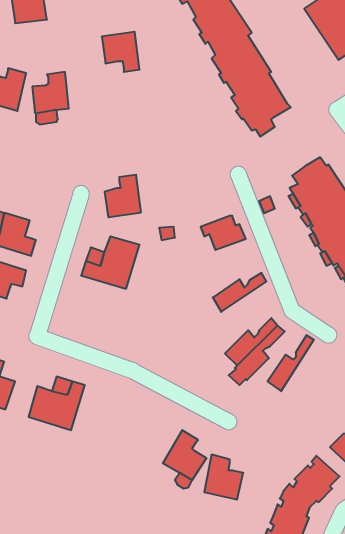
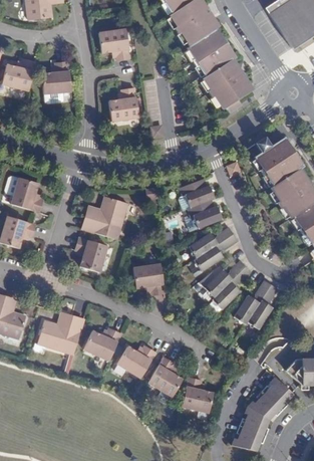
building: [105,175,141,217] -> [108,86,138,122]
building: none -> [187,199,224,227]
building: none -> [195,233,238,270]
building: none -> [75,236,109,272]
building: none -> [133,262,166,295]
building: none -> [248,281,281,328]
building: none -> [84,327,121,361]
building: none -> [117,344,156,379]

